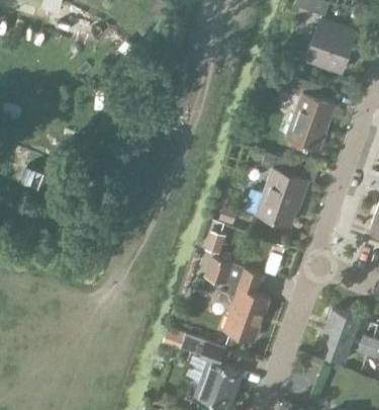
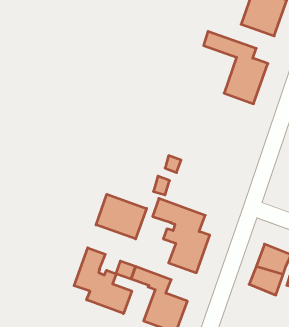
building: [247,154,309,227] -> none
building: none -> [96,194,147,239]
building: none -> [74,248,132,314]

